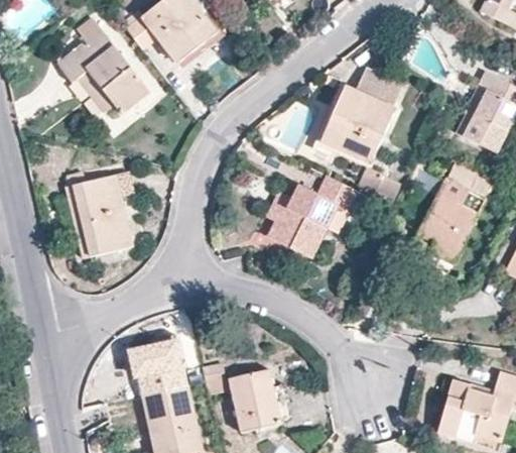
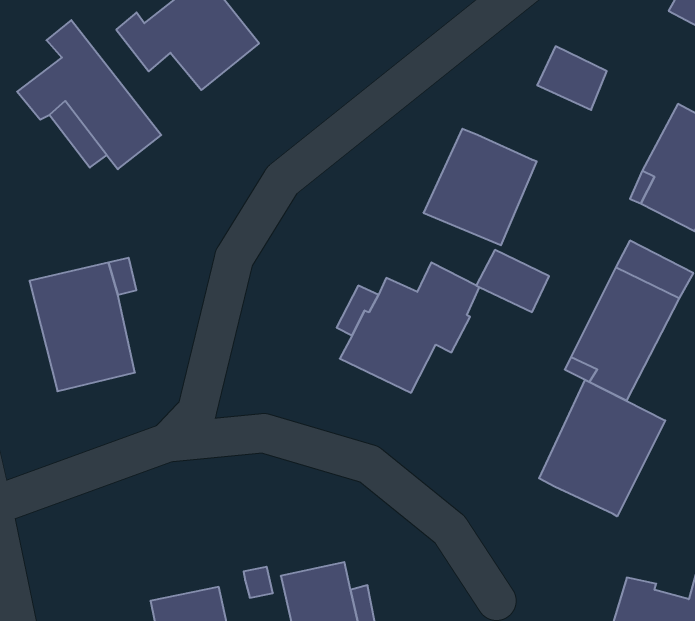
building: [356,66,401,107] -> [537,46,607,110]
building: none -> [539,380,665,516]
building: [131,330,187,393] -> none

